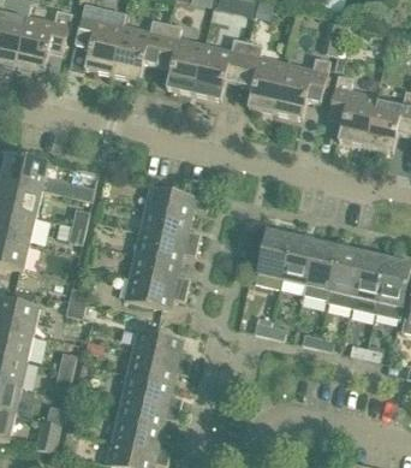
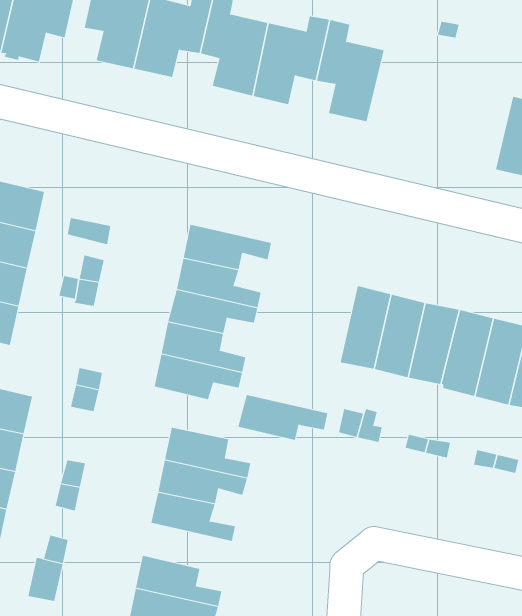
building: [274,57,329,119] -> none
building: [327,75,376,147] -> none
building: [115,396,179,428] -> [238,394,328,440]

